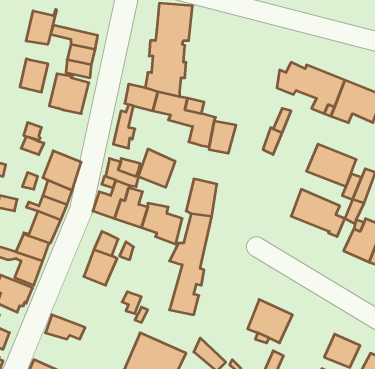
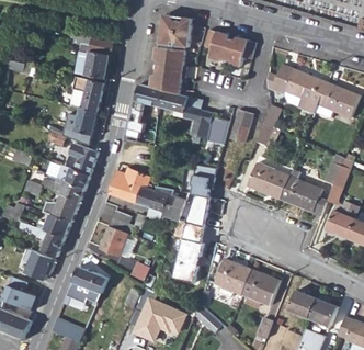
building: [26,9,57,44] -> none
building: none -> [203,30,255,66]
building: [20,59,48,92] -> [73,105,98,134]
building: none -> [229,109,253,144]
building: [306,144,356,186] -> [243,161,286,197]
building: [139,149,175,187] -> none
building: none -> [213,258,250,295]
building: none -> [72,267,107,293]
building: none -> [286,290,315,318]

